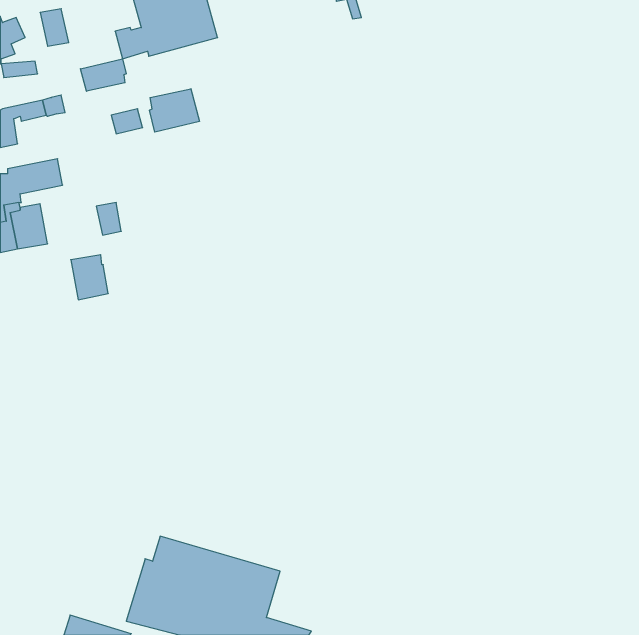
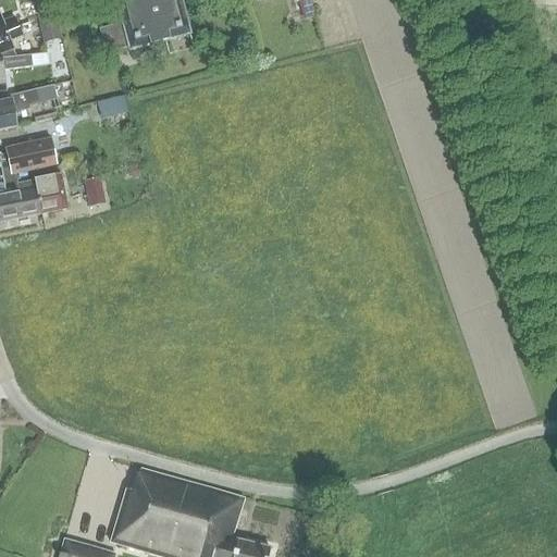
building: [80,59,126,91] -> none
building: [150,89,199,132] -> none
building: [71,255,108,300] -> [35,173,67,212]

